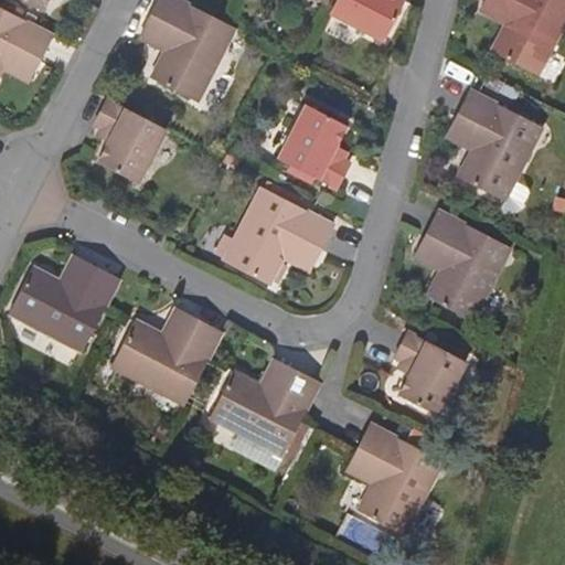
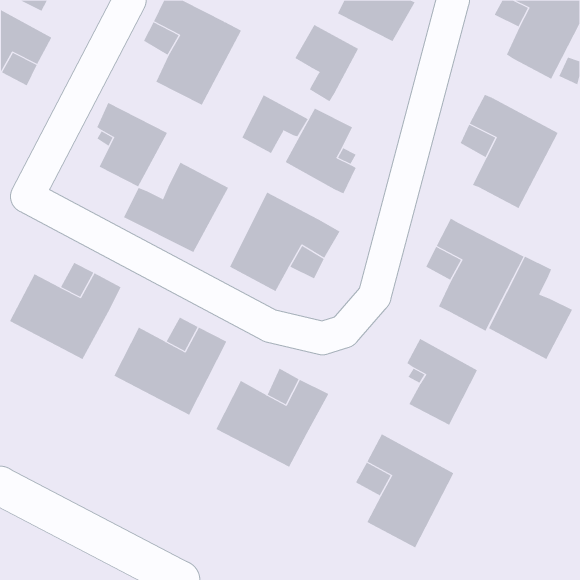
building: none -> [294,24,359,102]
building: none -> [241,94,309,154]
building: none -> [123,162,229,253]
building: none -> [488,256,573,360]

